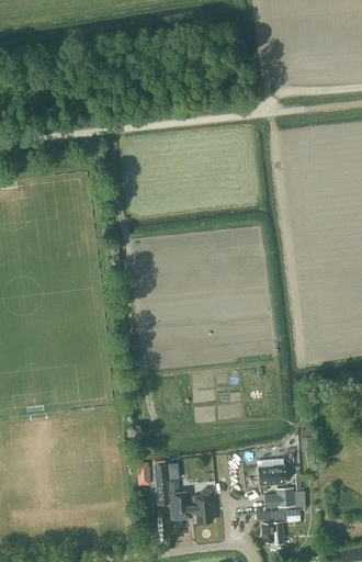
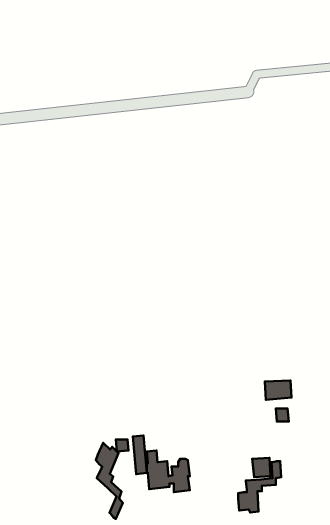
building: [257,464,284,484] -> [265,380,292,400]
building: none -> [96,443,123,519]

